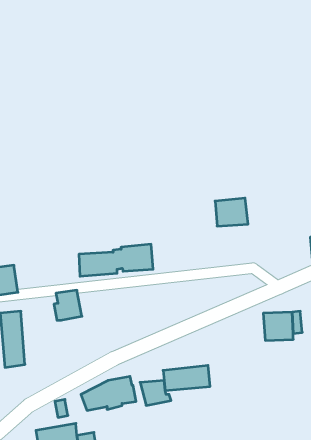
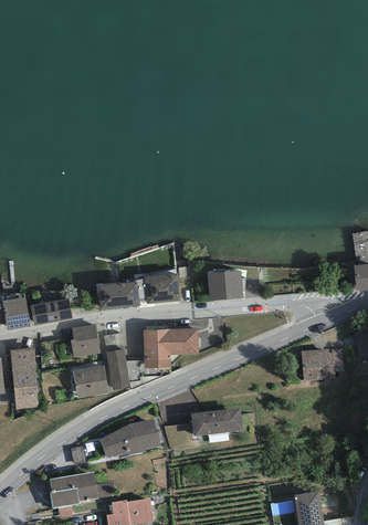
building: [215,198,248,226] -> [207,269,243,300]
building: none -> [30,298,72,325]
building: none -> [143,327,198,367]
building: none -> [106,348,130,389]
building: none -> [72,365,108,398]

